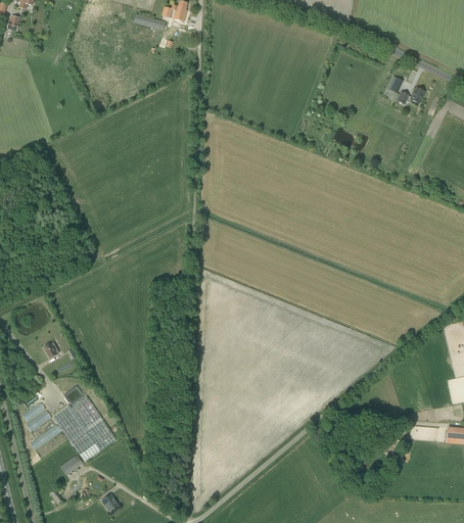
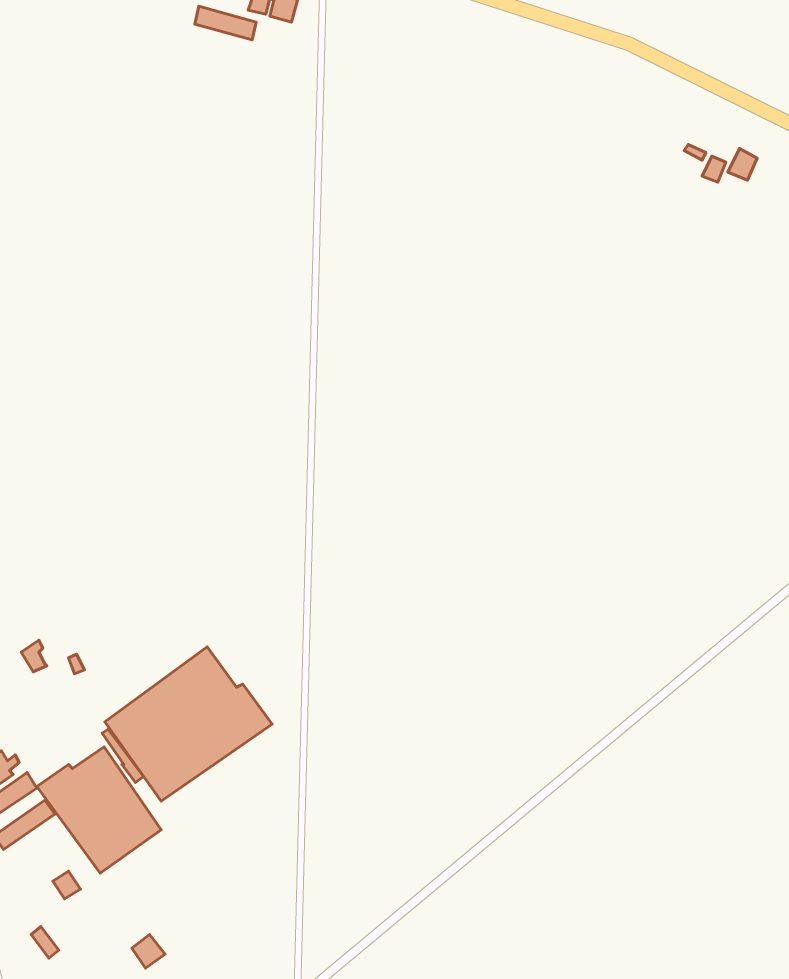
building: none -> [105,647,272,801]

